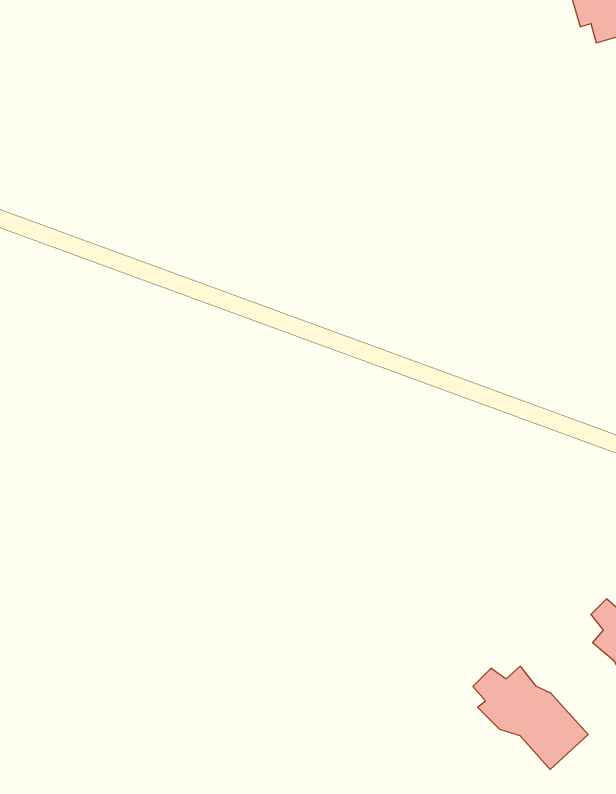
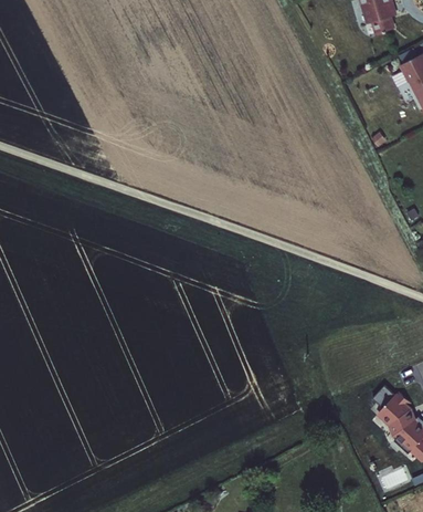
building: [473,666,588,770] -> none

